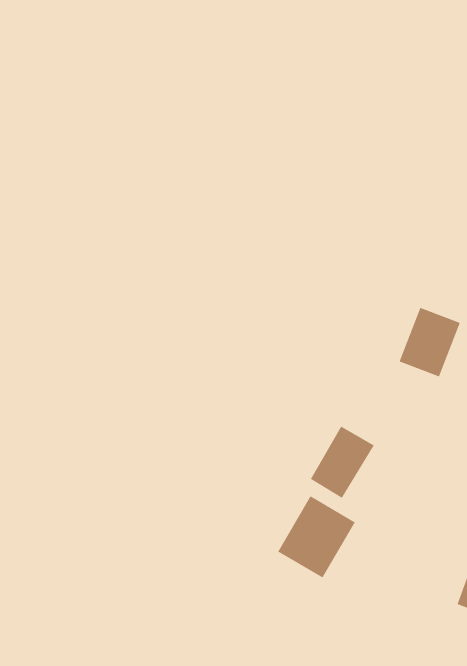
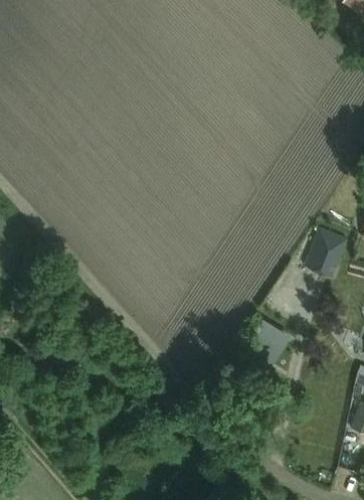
building: [277,495,356,579] -> none

